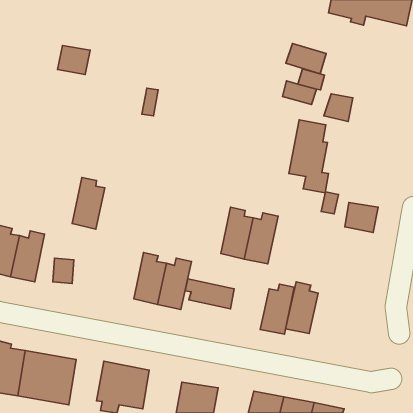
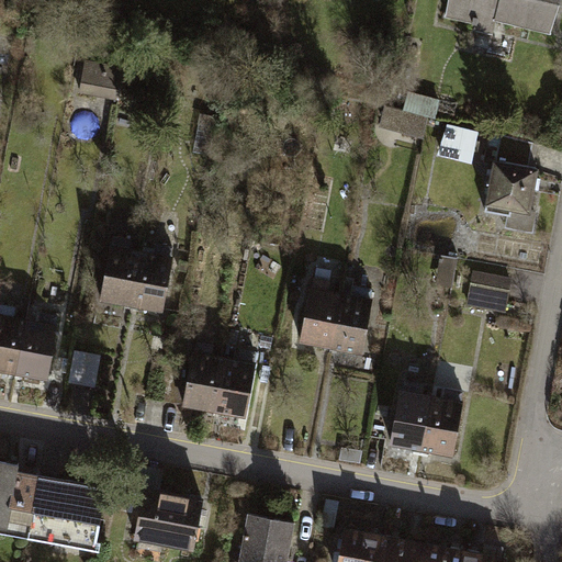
building: [286,44,326,74] -> none
building: [289,120,328,193] -> [485,138,539,237]
building: none -> [130,248,176,317]
building: [185,279,234,309] -> none
building: [260,284,294,334] -> [418,391,464,459]

